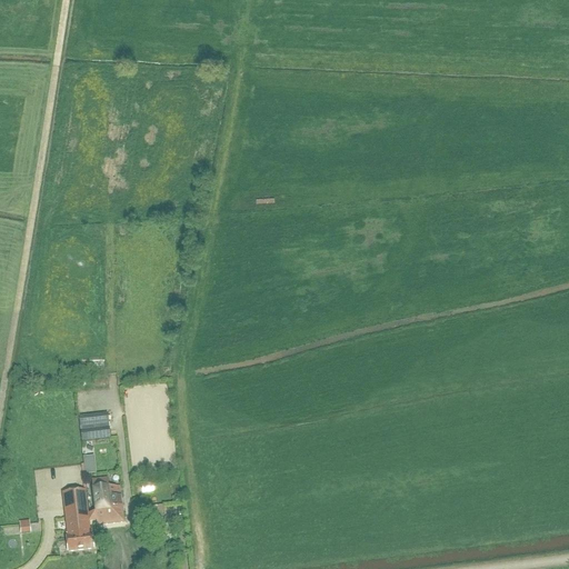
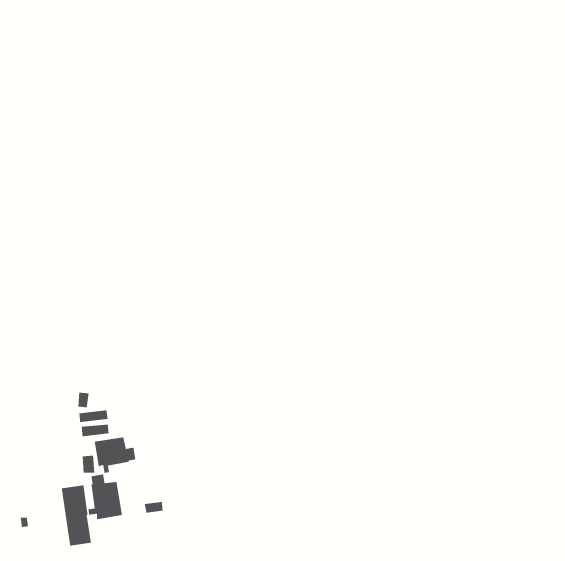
building: none -> [94,436,136,474]

